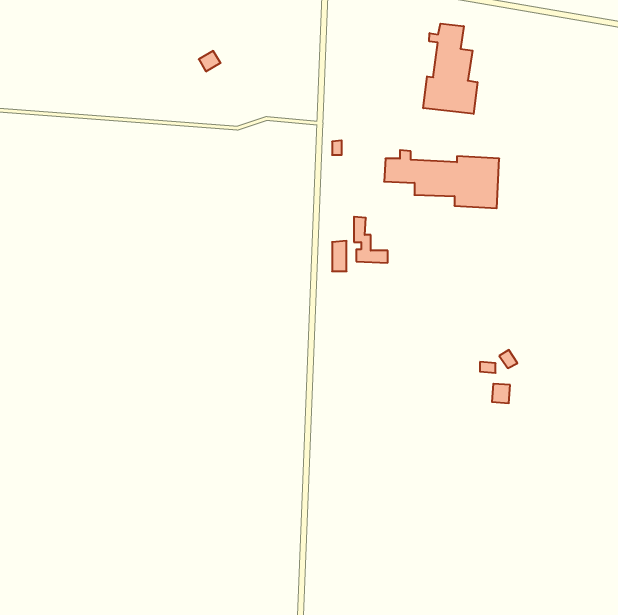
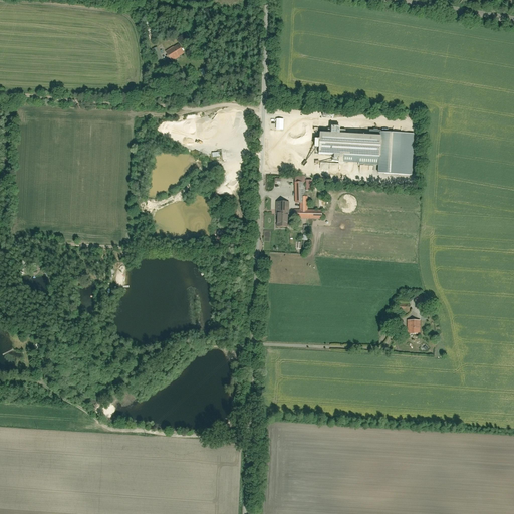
building: [423,24,477,114] -> none

